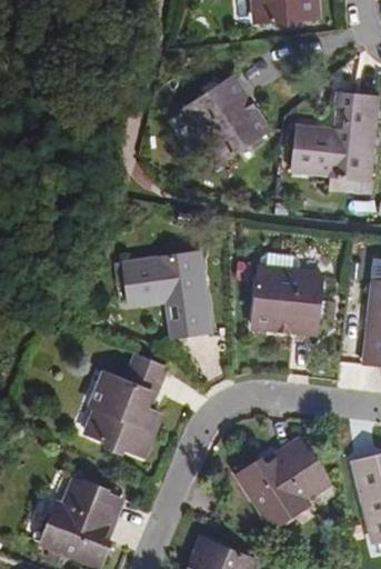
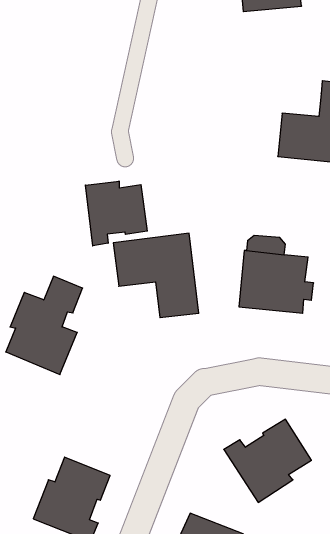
building: [182,76,269,164] -> none
building: none -> [85,181,147,246]
building: [87,356,166,457] -> [6,276,83,375]

